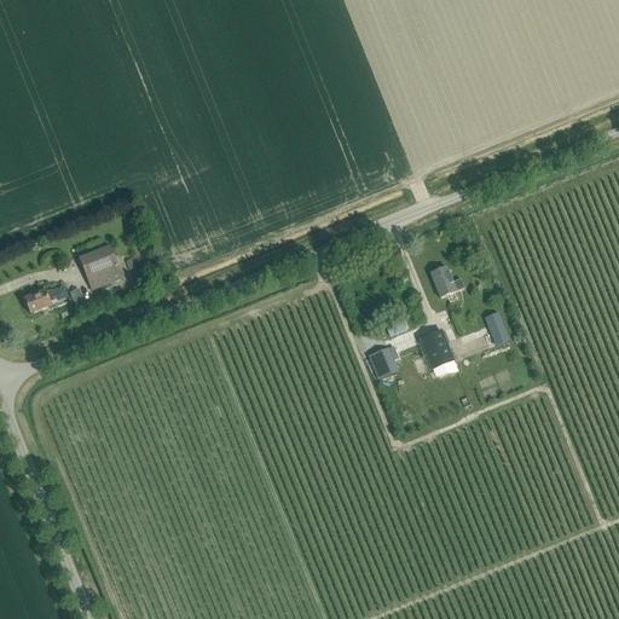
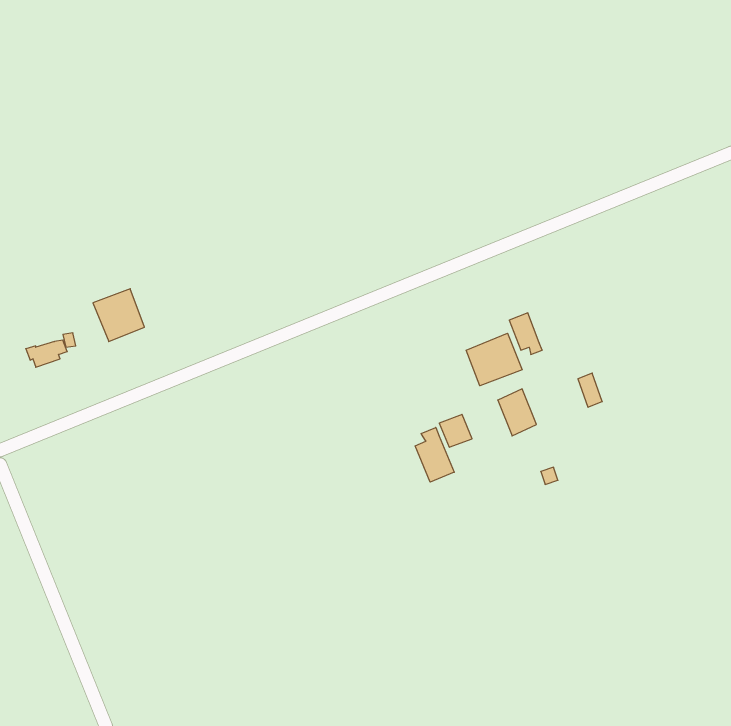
building: none -> [466,333,522,386]
building: none -> [415,427,454,482]

